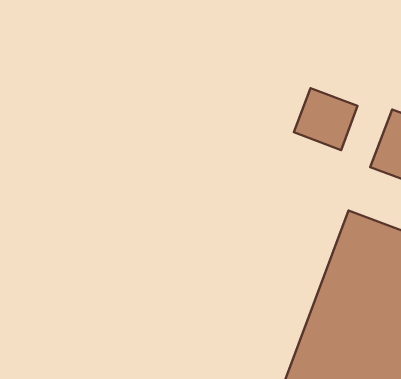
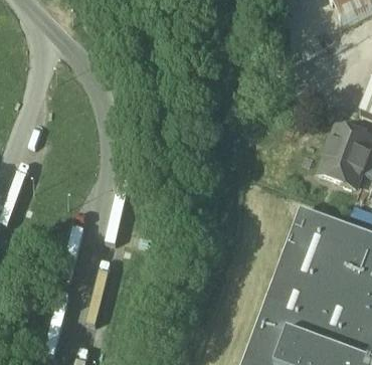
building: [294,88,358,150] -> none

